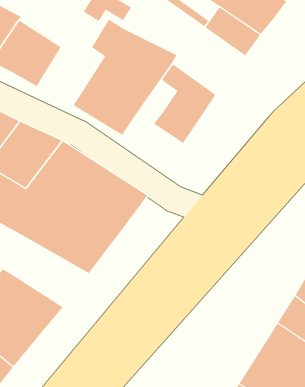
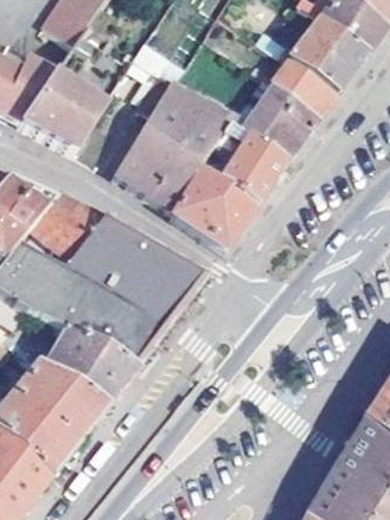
building: none -> [243,85,320,162]
building: none -> [174,168,248,249]
building: none -> [45,332,138,410]

